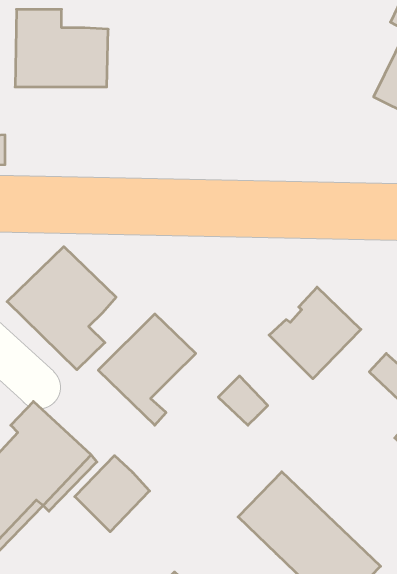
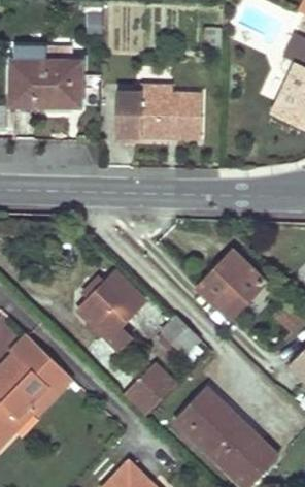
building: none -> [117,92,202,137]
building: [7,247,116,370] -> none
building: [75,456,150,532] -> [120,356,174,412]

